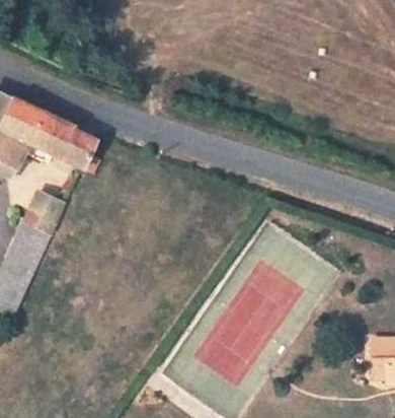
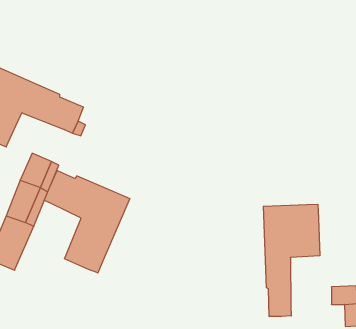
building: none -> [44,170,130,273]
building: none -> [263,204,320,317]

